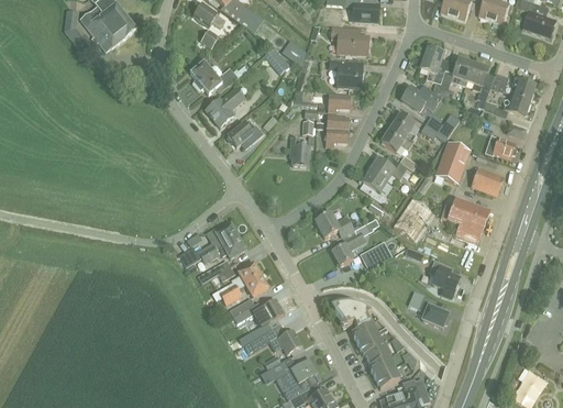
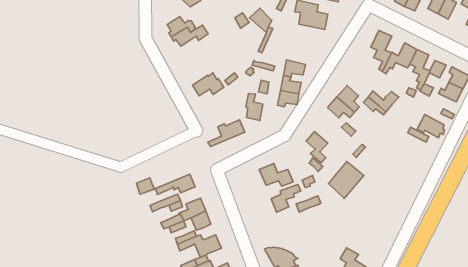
building: [329,58,363,87] -> none
building: [401,86,441,111] -> none
building: [206,88,244,126] -> none
building: [435,141,471,183] -> none
building: [371,157,407,180] -> none
building: [472,166,504,195] -> none
building: [441,198,489,242] -> none
building: [198,222,238,256] -> [208,120,245,147]
building: [429,260,460,297] -> none

